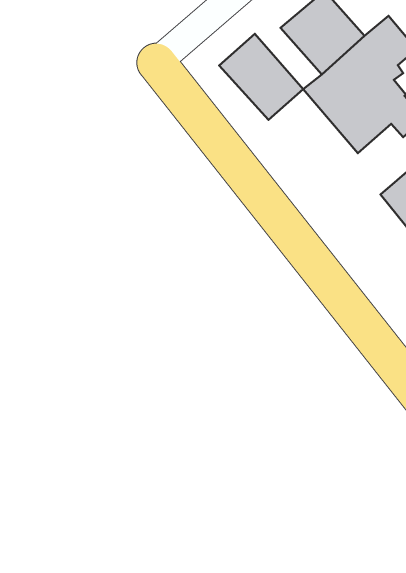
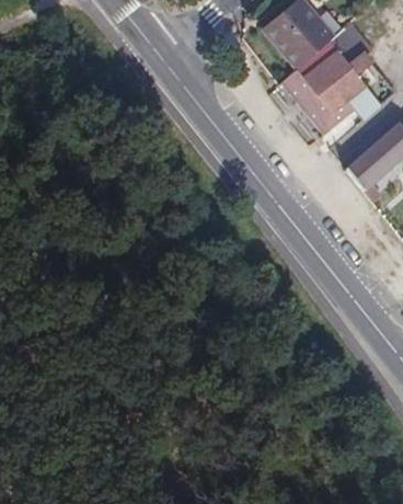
building: [219,34,303,120] -> none

